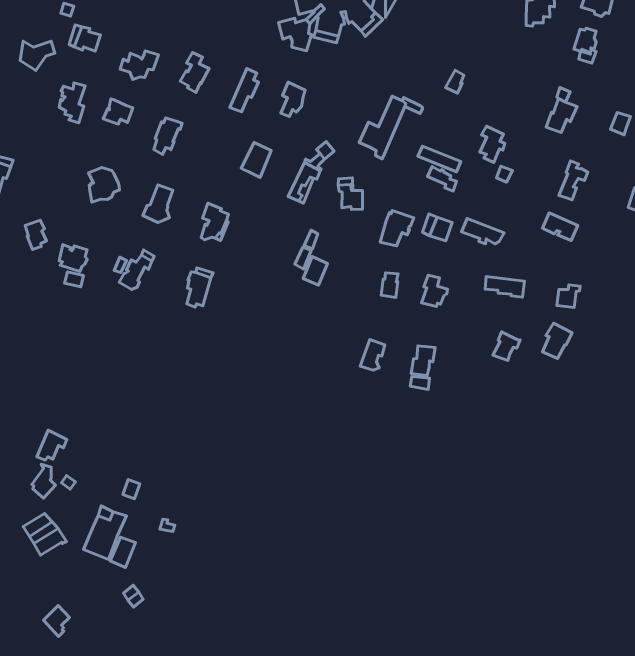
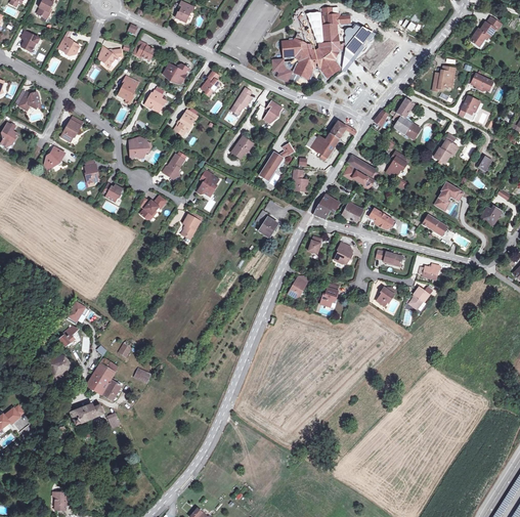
building: none -> [393,98,422,139]
building: none -> [71,401,106,425]

